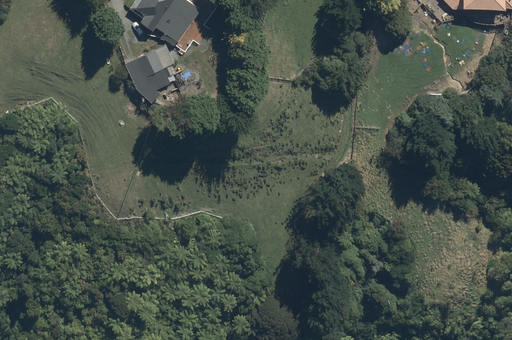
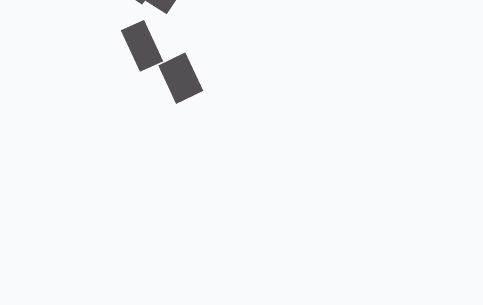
building: none -> [158,51,204,105]

